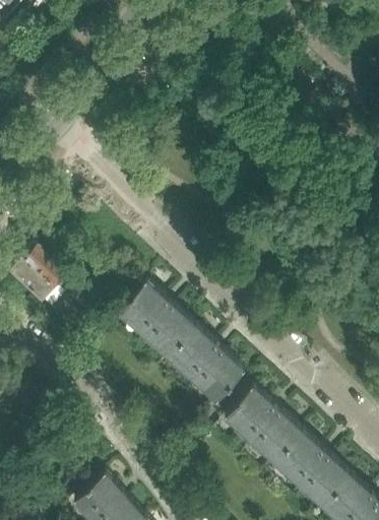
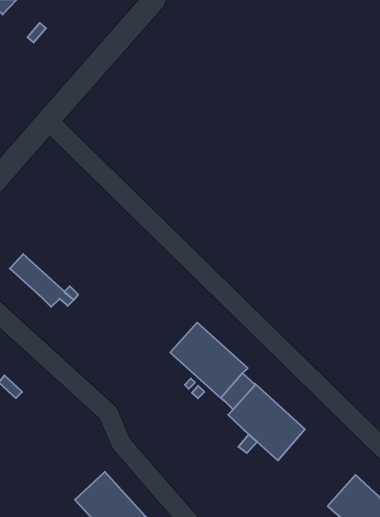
building: [23,244,68,287] -> none
building: [118,281,194,355] -> none
building: [273,431,350,506] -> none

